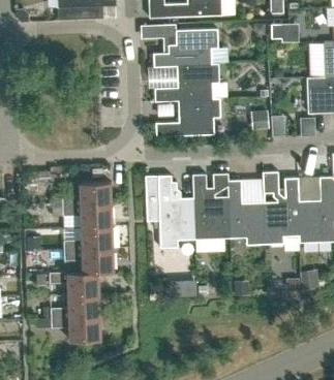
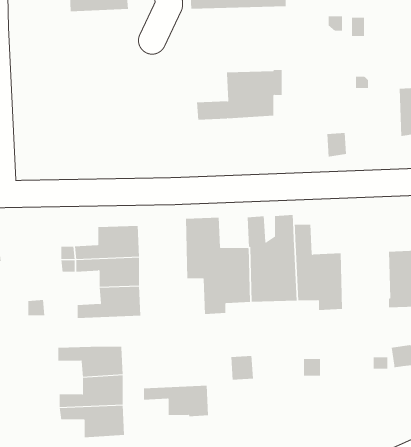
building: [152,24,217,67] -> none
building: [155,98,220,136] -> none
building: [262,171,299,244] -> none
building: [63,249,113,273] -> [143,385,209,417]

